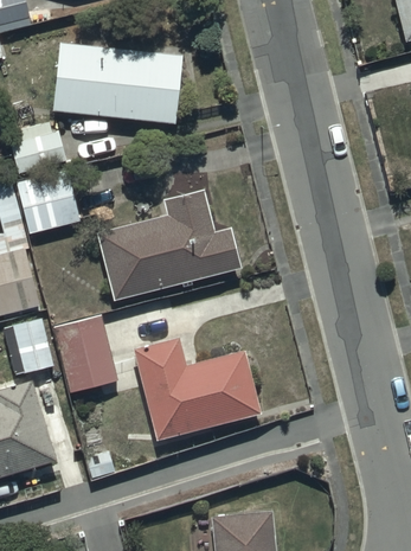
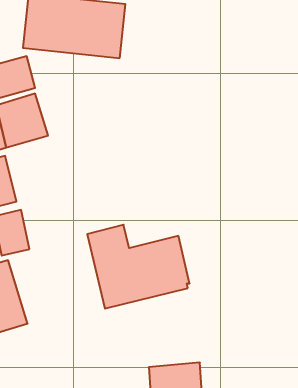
building: [96,188,239,302] -> none
building: [56,315,121,392] -> none

